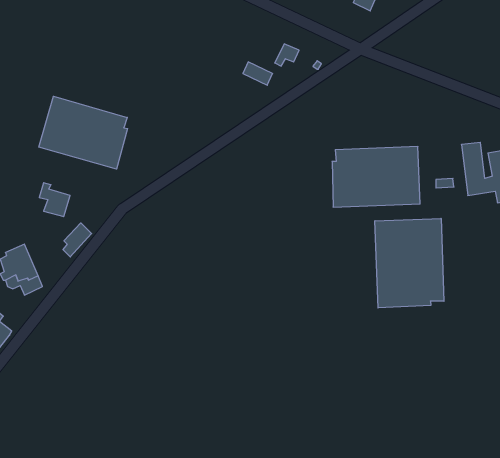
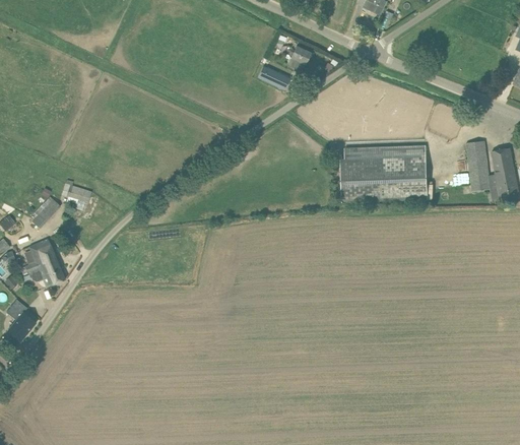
building: [39,96,128,169] -> none
building: [375,218,444,308] -> none
building: [63,223,92,257] -> [32,195,60,228]

